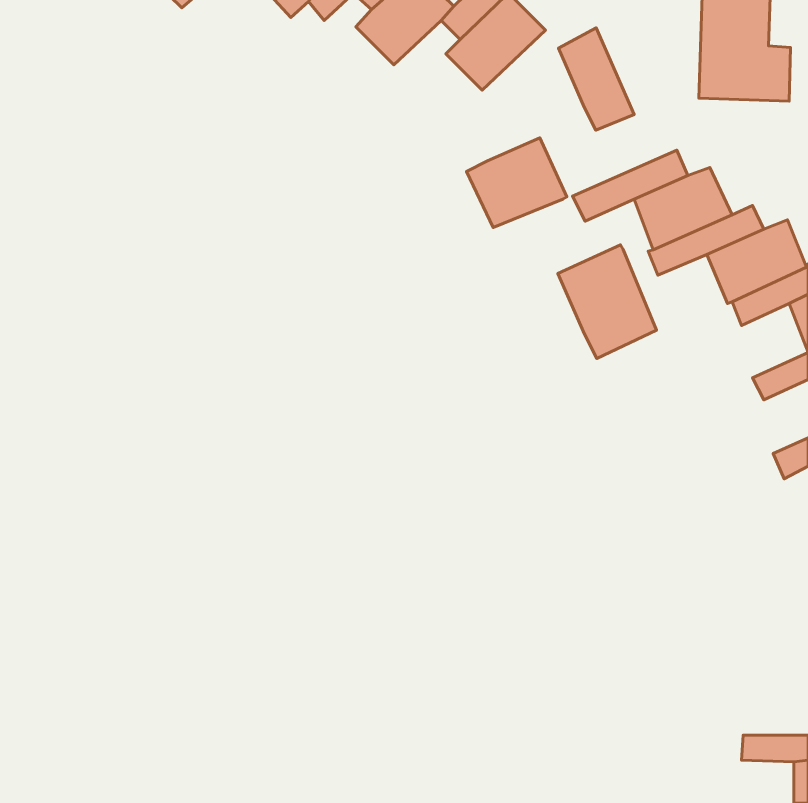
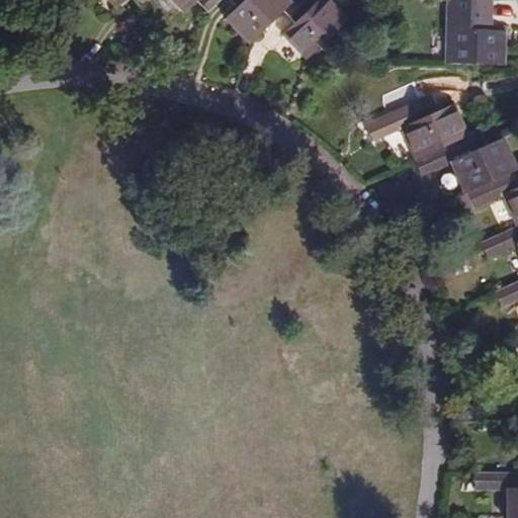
building: [558,28,634,130] -> none
building: [466,138,567,228] -> none
building: [558,245,656,359] -> none

